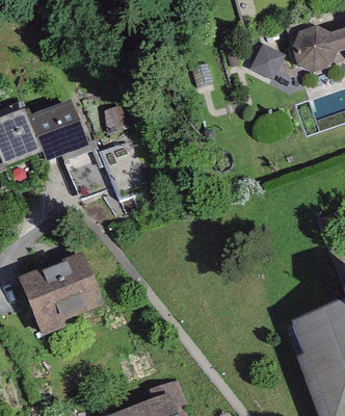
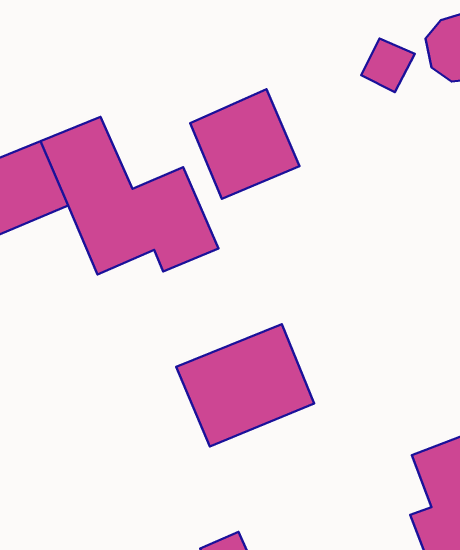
building: none -> [190,89,299,199]
building: [12,249,106,332] -> [176,324,314,447]

